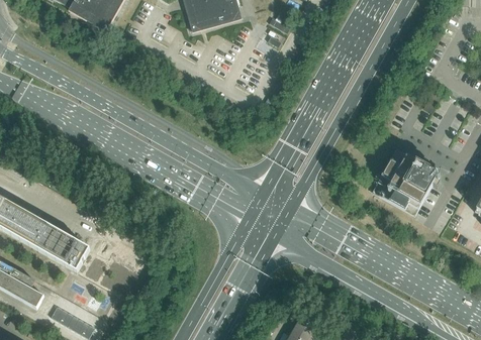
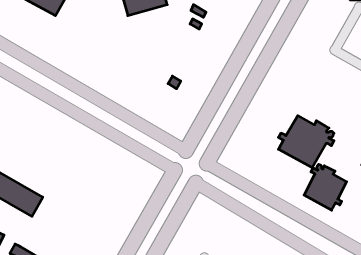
building: none -> [304,164,347,210]

